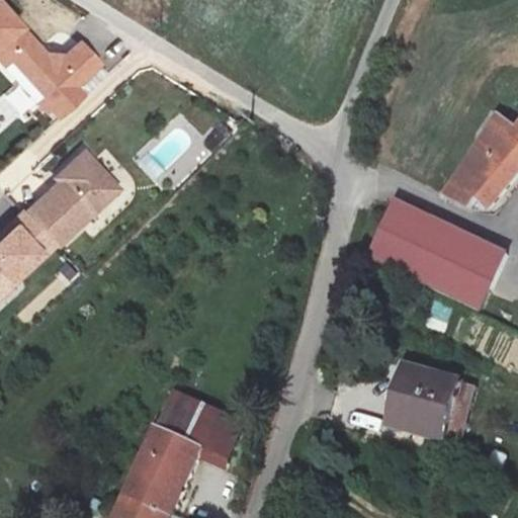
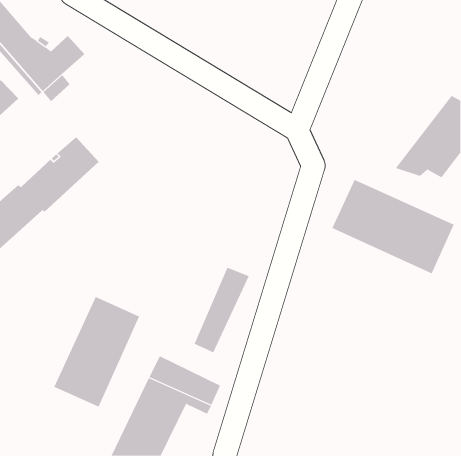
building: none -> [194,267,249,353]
building: none -> [54,296,140,408]
building: [396,371,464,442] -> none

